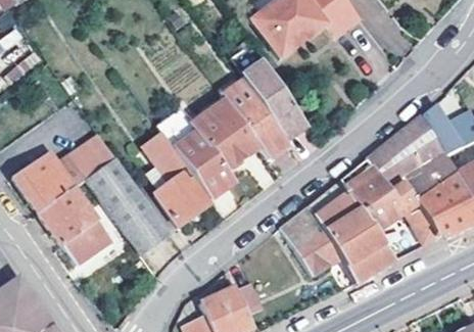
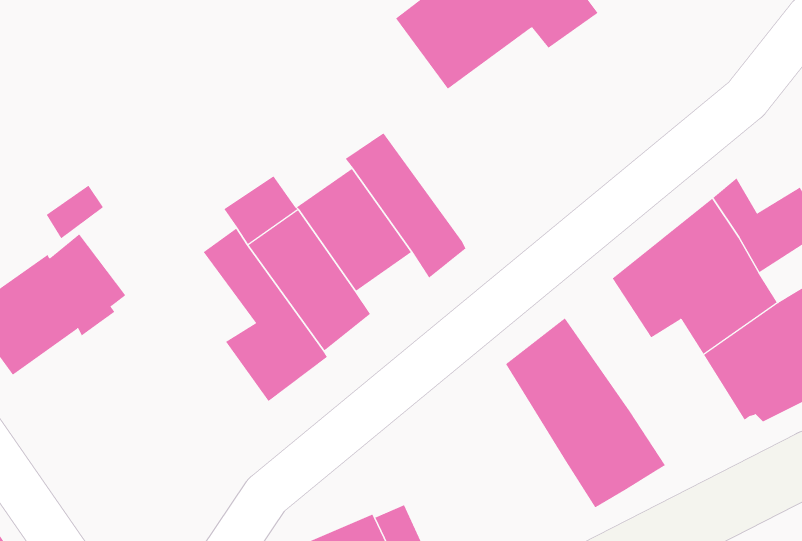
building: [238,60,304,139] -> none
building: [87,159,169,256] -> none
building: [340,159,438,244] -> none
building: [38,187,111,267] -> none
building: [279,206,340,277] -> none

